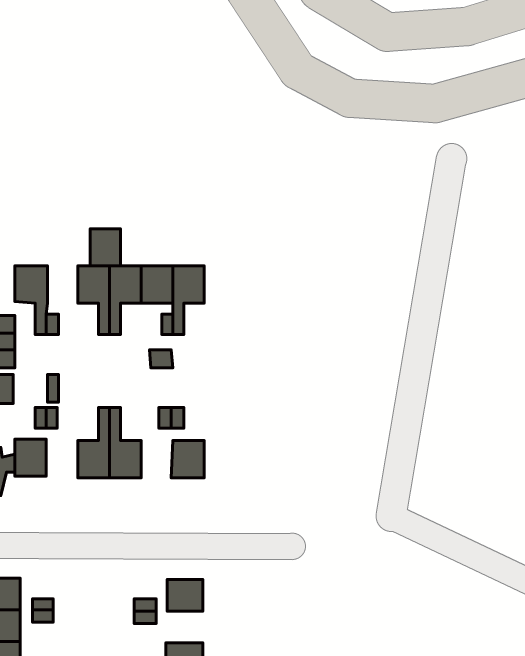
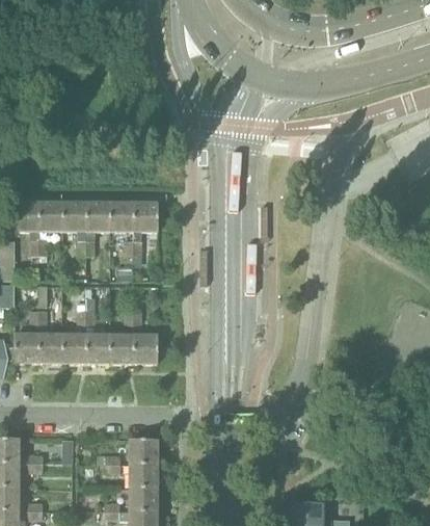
building: [90,229,121,266] -> [39,203,62,231]
building: none -> [38,334,62,363]
building: none -> [110,335,134,363]
building: none -> [129,464,157,488]

